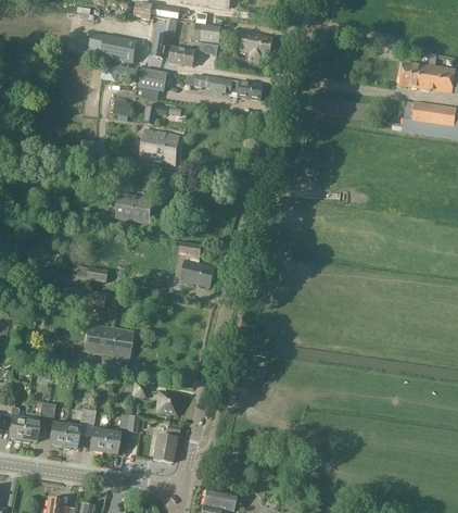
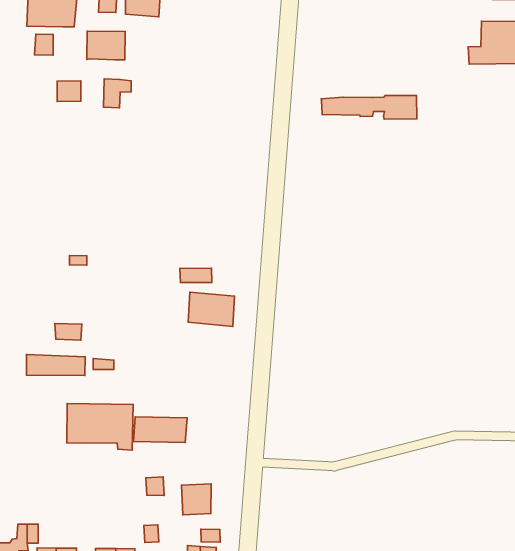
building: [195,75,263,99] -> [321,95,417,119]
building: [140,127,180,164] -> none
building: [115,192,153,223] -> none
building: none -> [133,417,187,443]

